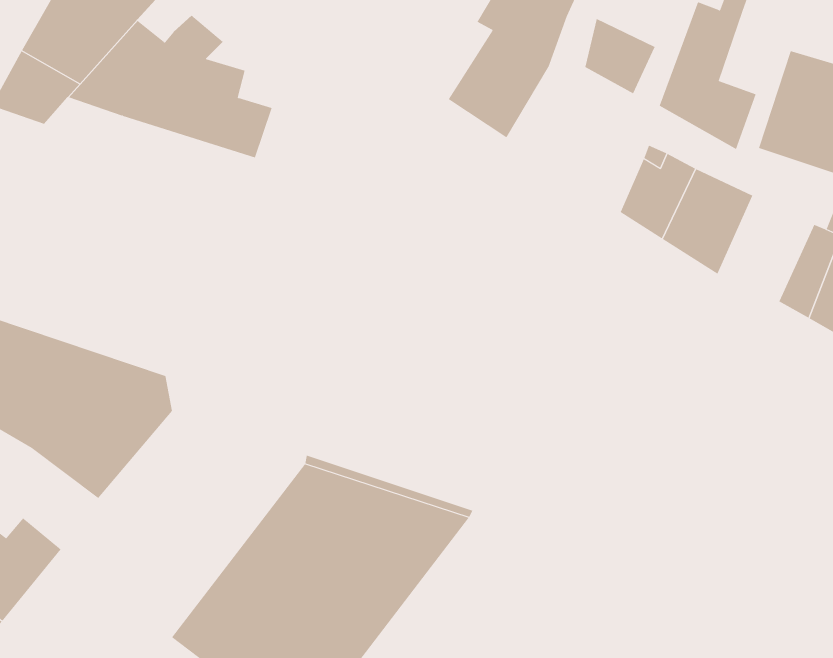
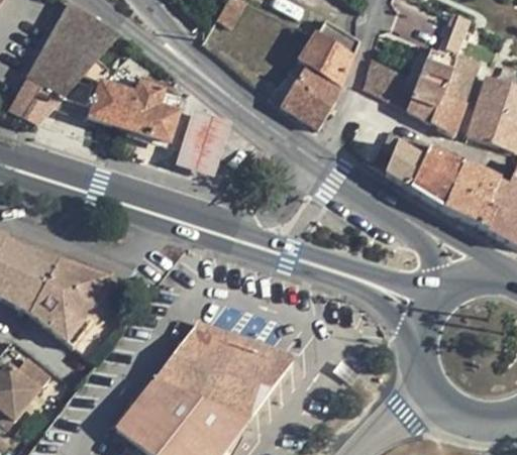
building: none -> [443,54,480,104]
building: none -> [172,109,228,178]
building: none -> [442,164,500,228]

